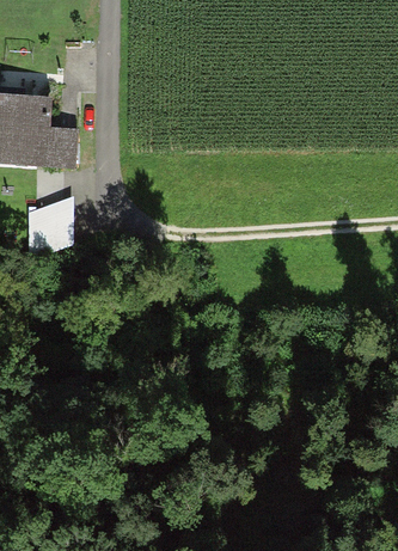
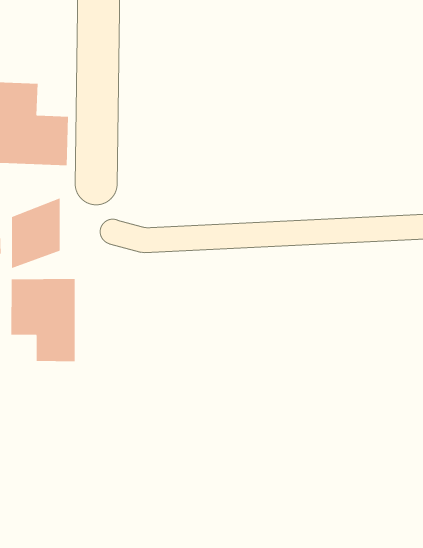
building: none -> [11,278,75,362]

